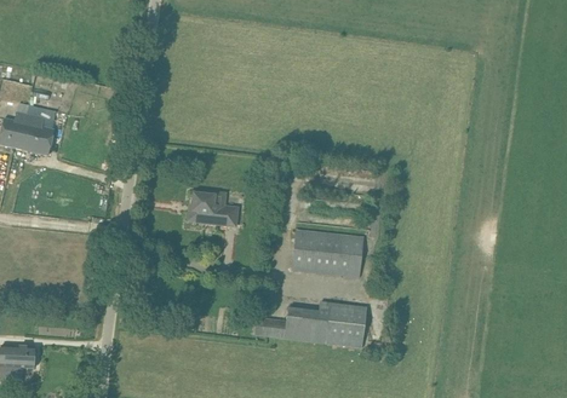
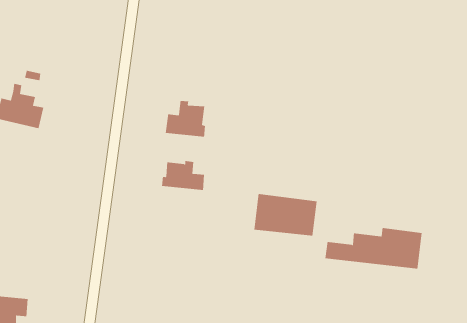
building: none -> [165,100,205,137]
building: [254,301,366,348] -> [325,228,422,269]

